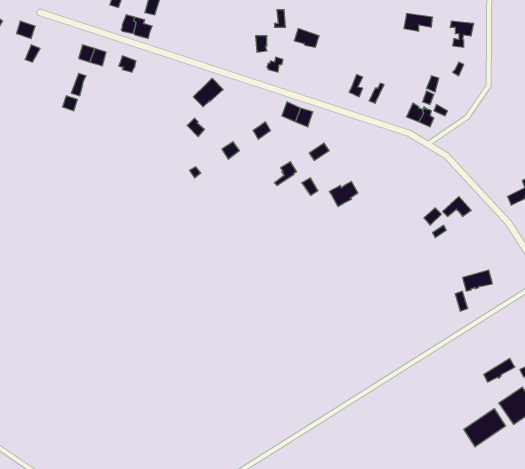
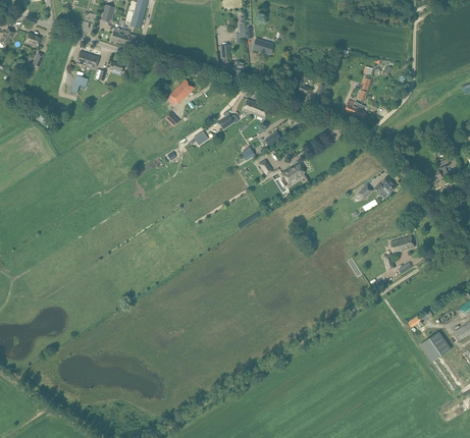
building: [464,409,506,447] -> none

